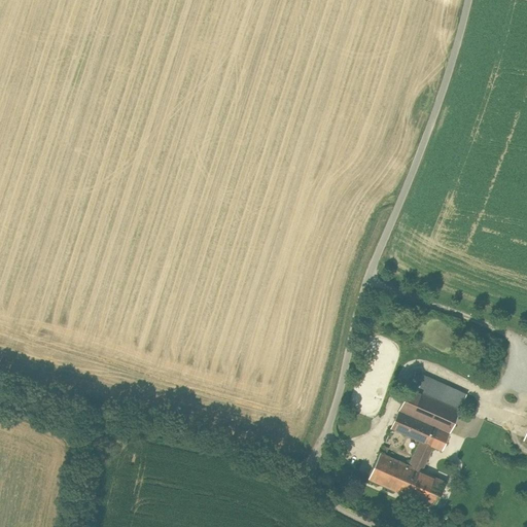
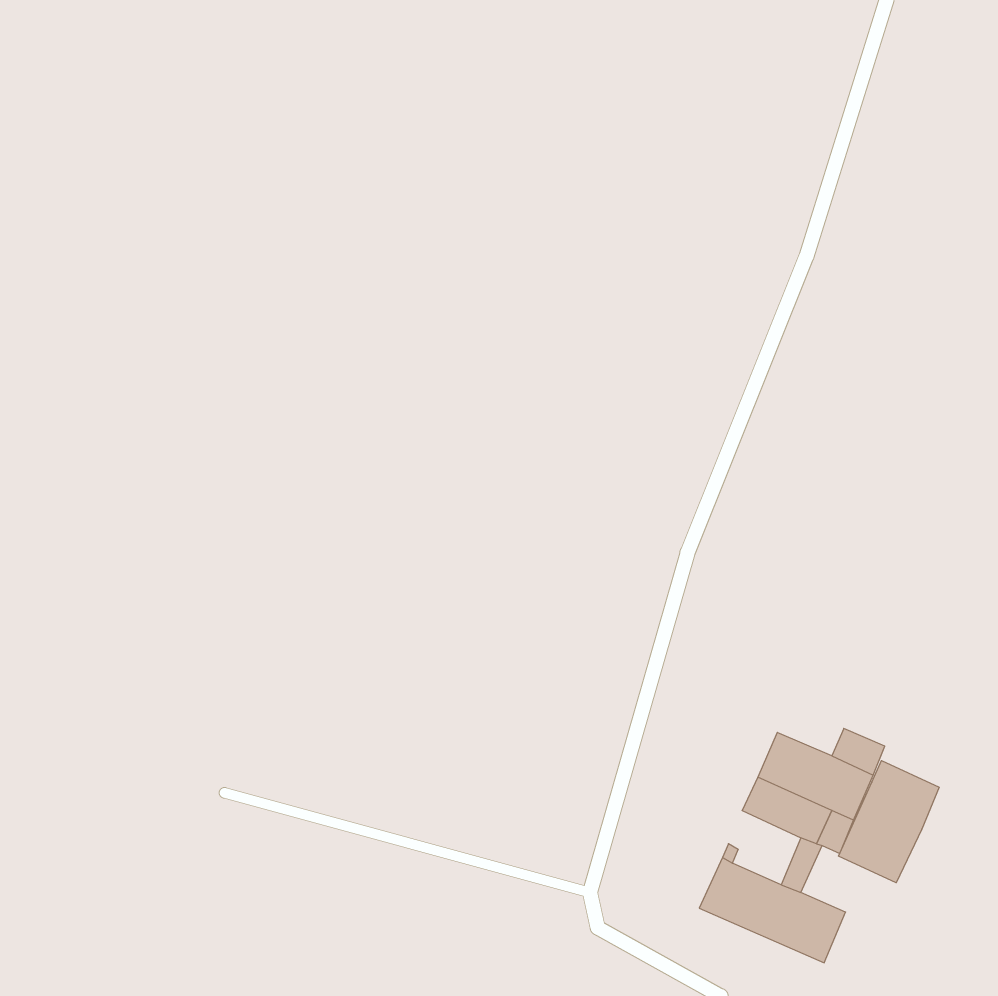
building: [410,372,445,398] -> none
building: none -> [839,761,939,883]

